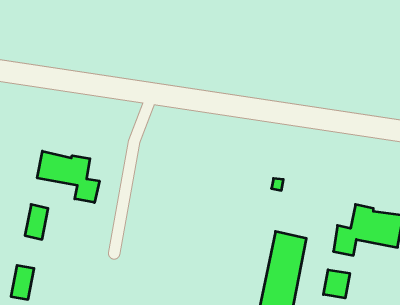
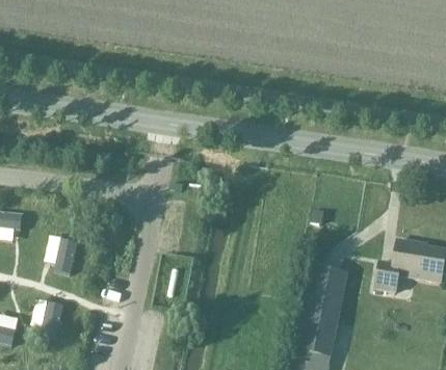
building: [37,151,99,203] -> none
building: [323,270,350,298] -> none

